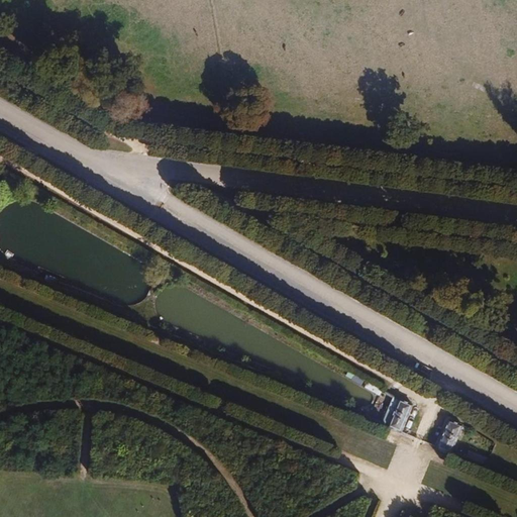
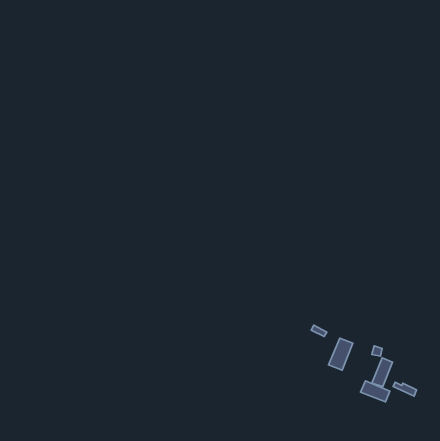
building: none -> [360,381,390,402]

